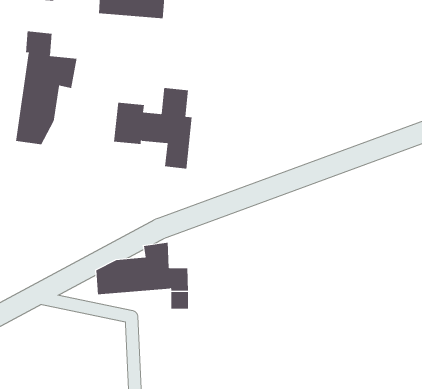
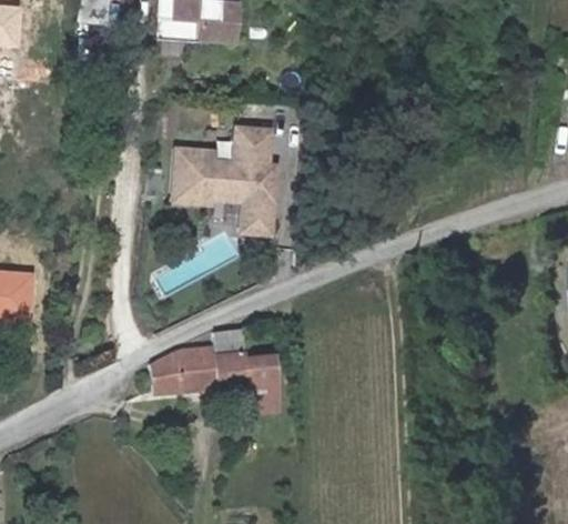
building: [16,30,77,145] -> none

